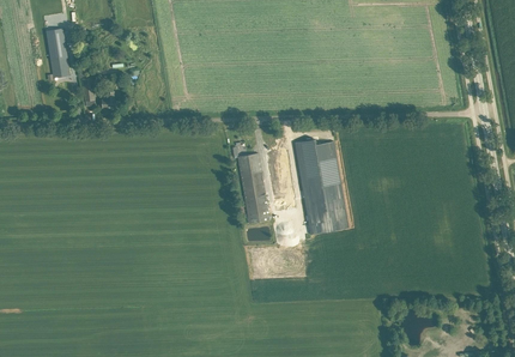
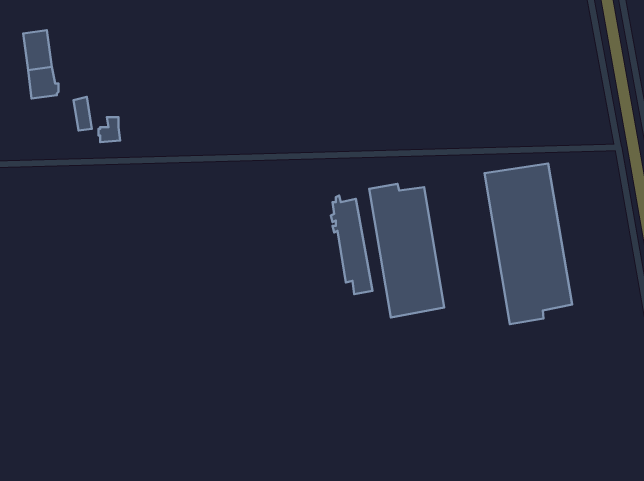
building: none -> [484,164,572,324]
building: [237,153,268,223] -> none

